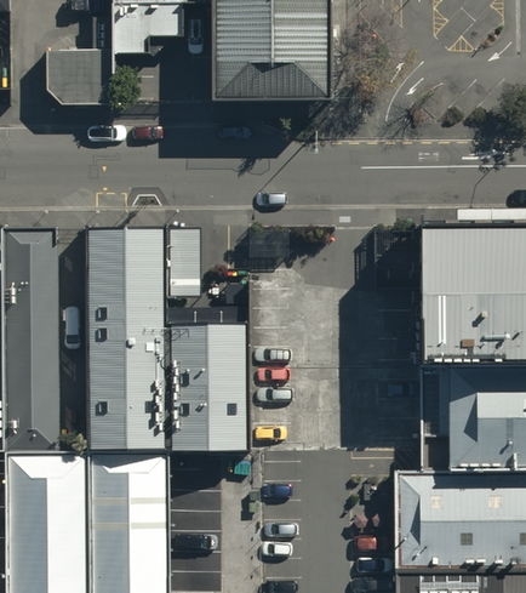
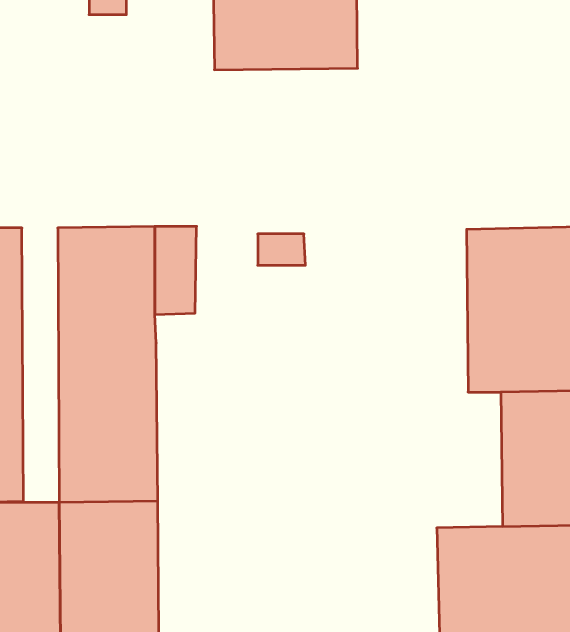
building: [46,55,112,106] -> none
building: [166,321,250,450] -> none

